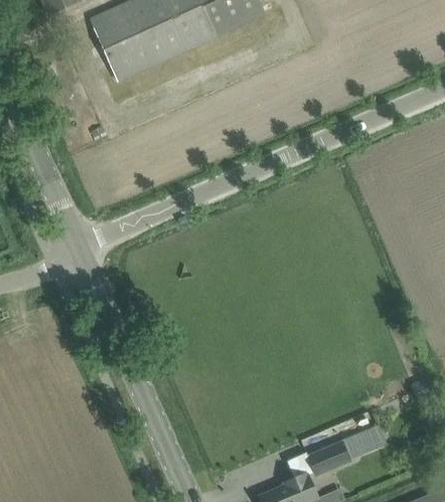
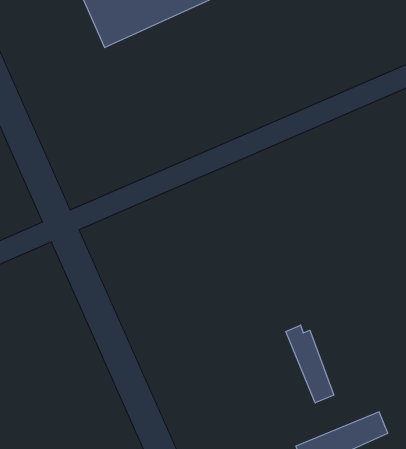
building: none -> [286,325,334,403]

